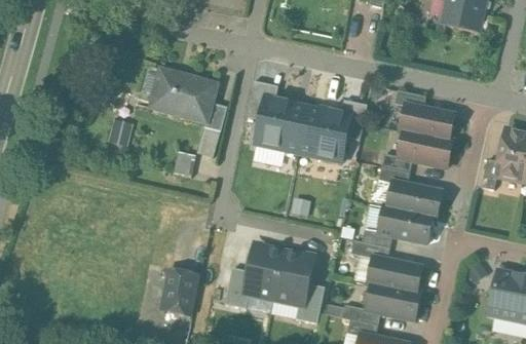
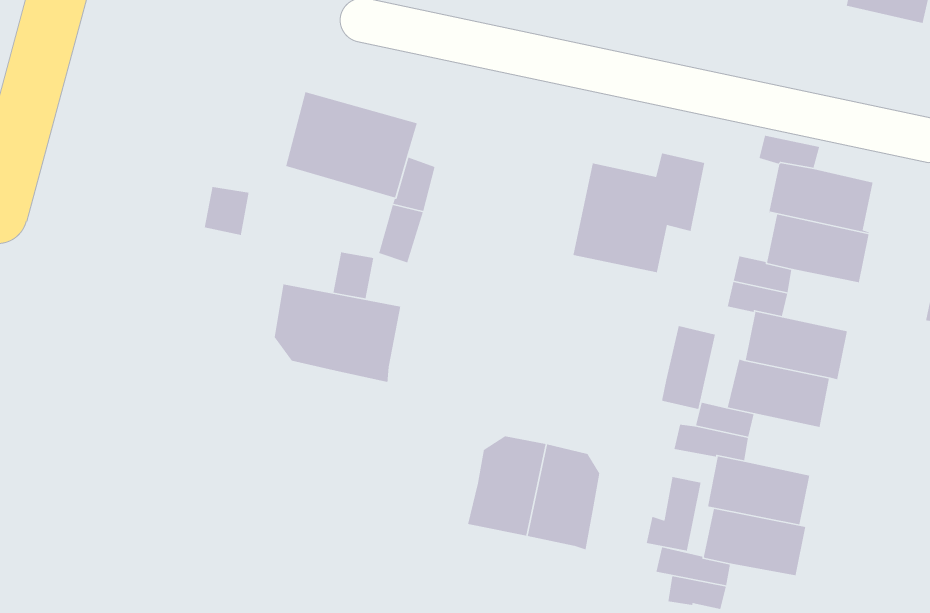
building: [246,80,308,153] -> none
building: none -> [274,284,401,383]
building: none -> [661,325,716,416]
building: [225,267,249,308] -> none
building: [157,270,200,313] -> none
building: [296,283,325,322] -> [646,476,701,551]

